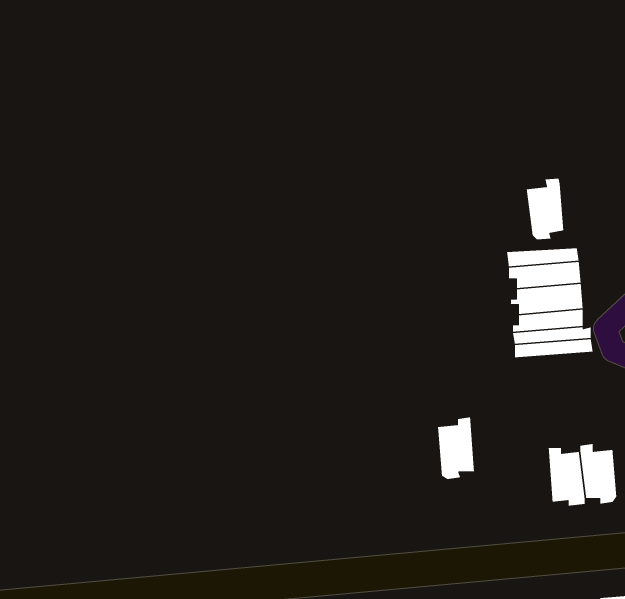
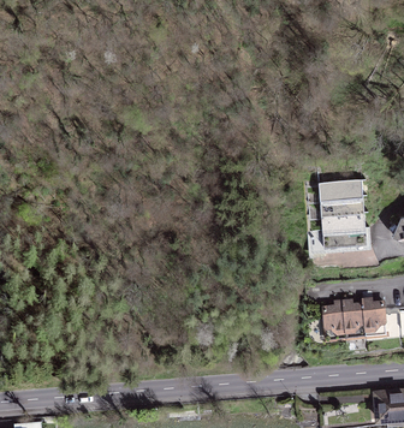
building: [526,178,564,240] -> none
building: [437,417,475,480] -> [323,301,346,339]

